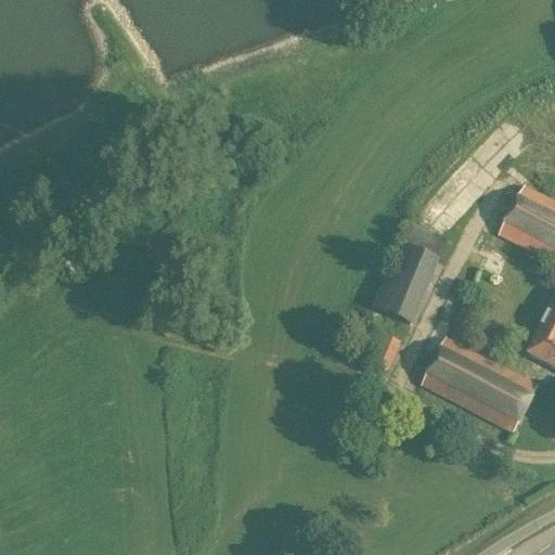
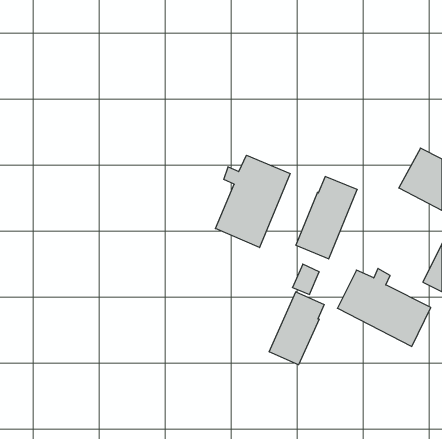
building: none -> [215,155,290,248]
building: none -> [269,292,324,365]

